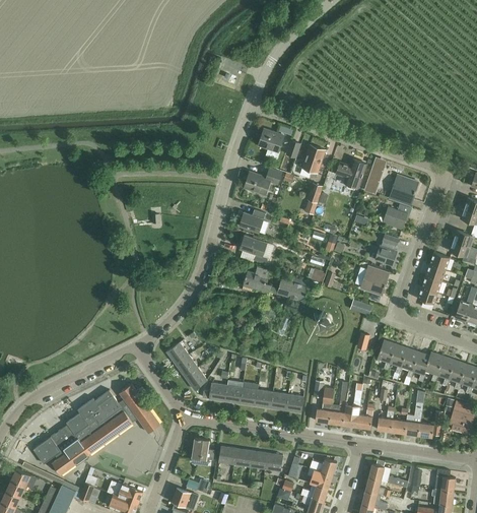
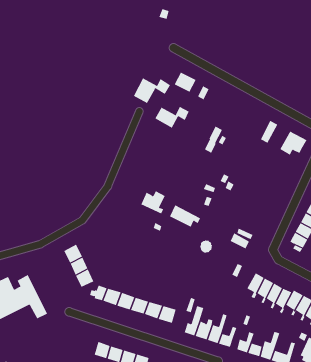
building: none -> [133,77,171,104]
building: [301,144,325,177] -> none
building: [336,158,366,187] -> none
building: [382,203,411,229] -> none
building: [238,208,266,232] -> none
building: [374,234,399,265] -> none
building: [240,235,268,263] -> none
building: [361,265,387,295] -> none
building: [192,437,213,463] -> none

